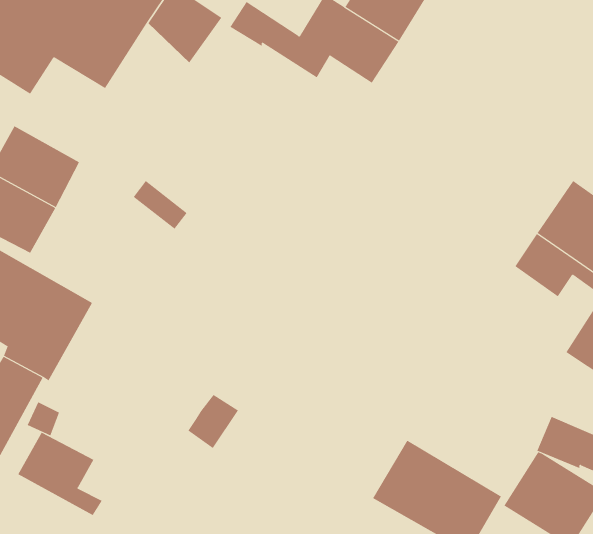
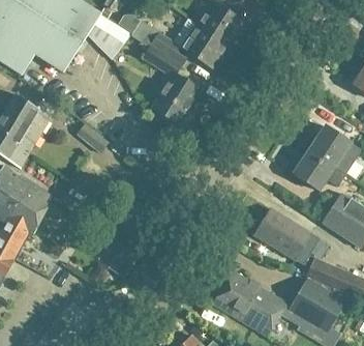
building: none -> [144,47,200,124]
building: none -> [254,209,318,265]
building: [18,432,103,516] -> none

